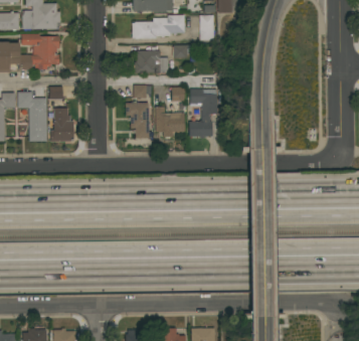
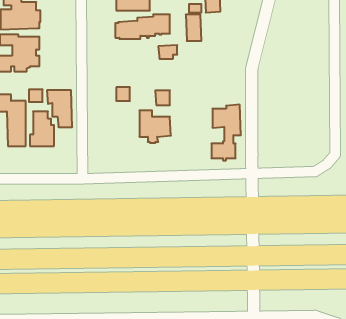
building: [134,50,168,72] -> none
building: [189,84,217,138] -> [211,105,241,160]
building: [125,103,149,138] -> [47,90,72,127]

